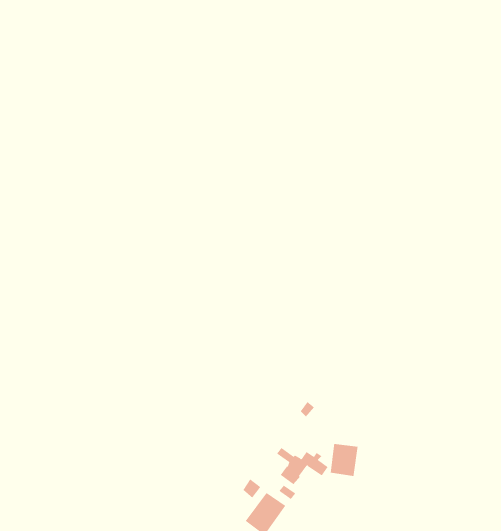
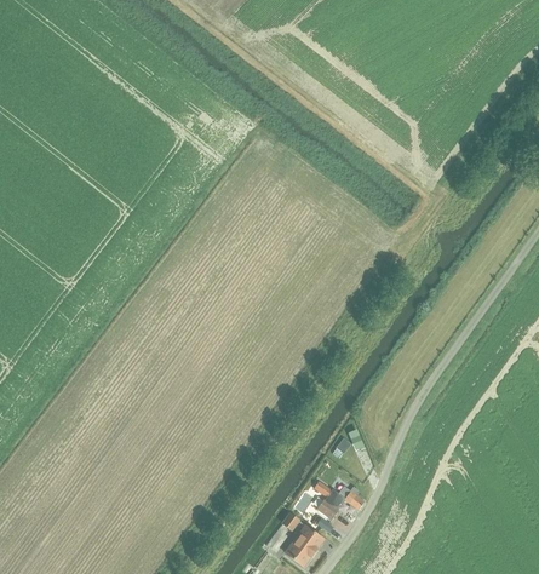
building: [330,443,358,477] -> none

